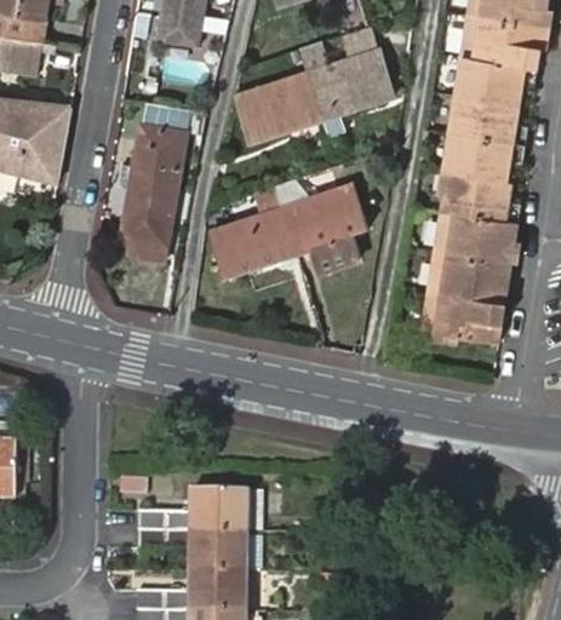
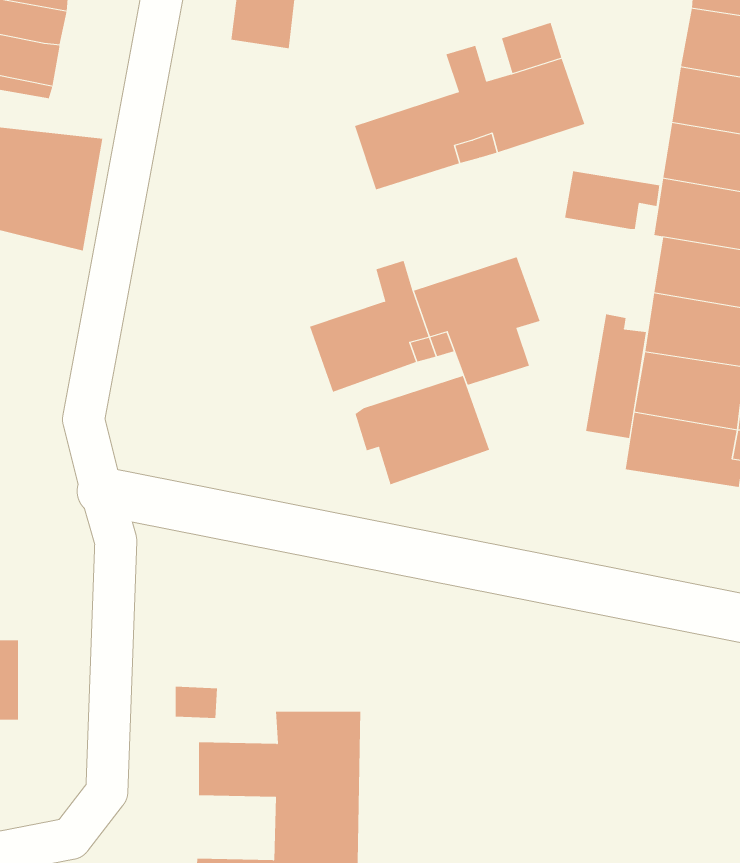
building: [121,101,191,246] -> none
building: none -> [565,170,660,230]
building: none -> [585,313,647,439]
building: none -> [355,375,490,485]

